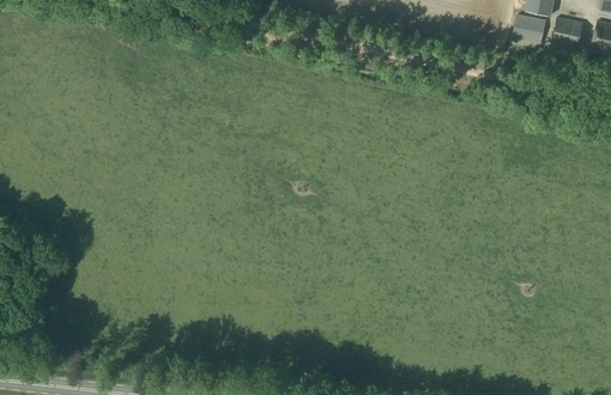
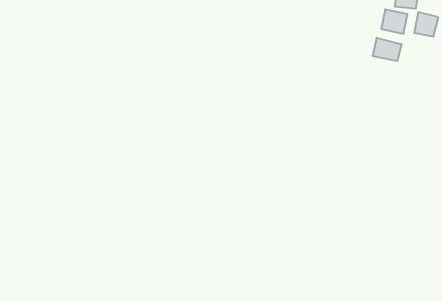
building: none -> [373,38,402,61]

